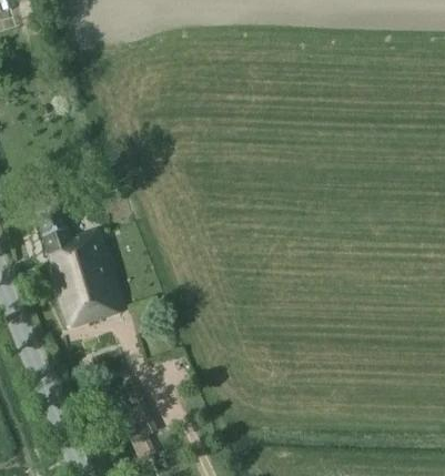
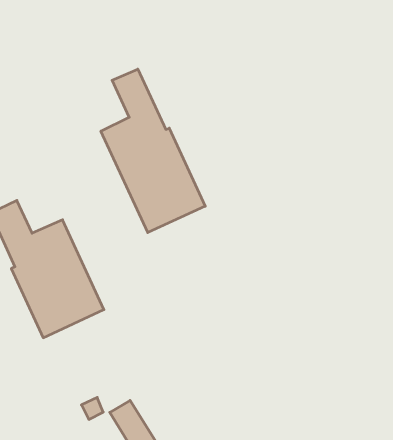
building: none -> [101,69,205,233]

